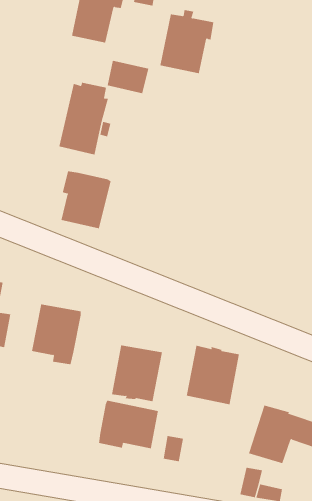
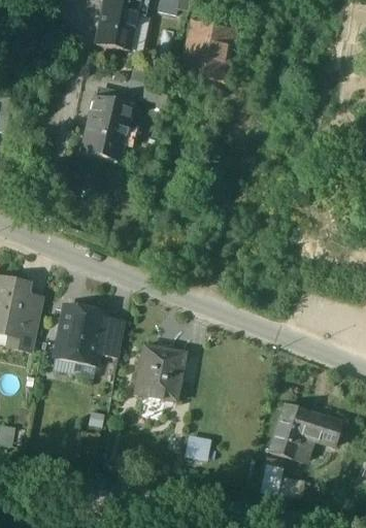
building: [61,170,111,229] -> none
building: none -> [98,316,125,356]
building: [186,345,240,405] -> none
building: [99,400,159,449] -> none

